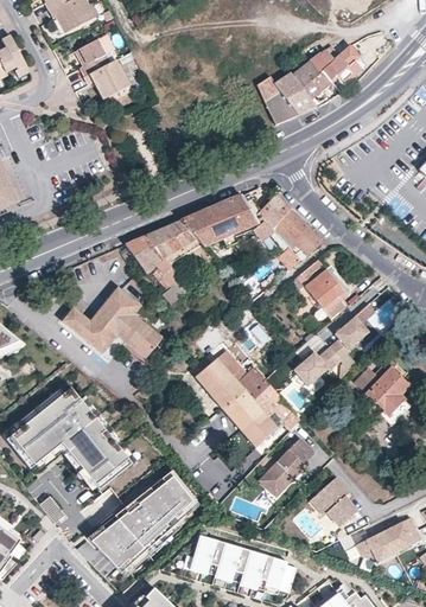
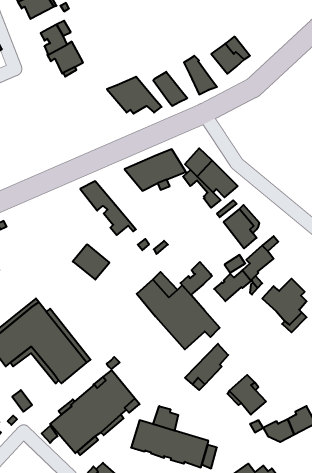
building: [319,46,365,84] -> none
building: [273,74,316,116] -> [153,72,187,106]
building: [144,219,212,266] -> [107,77,162,114]
building: [61,287,139,353] -> none
building: none -> [180,262,212,295]
building: none -> [153,406,178,431]

